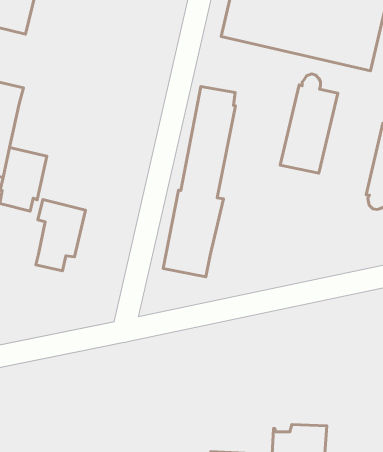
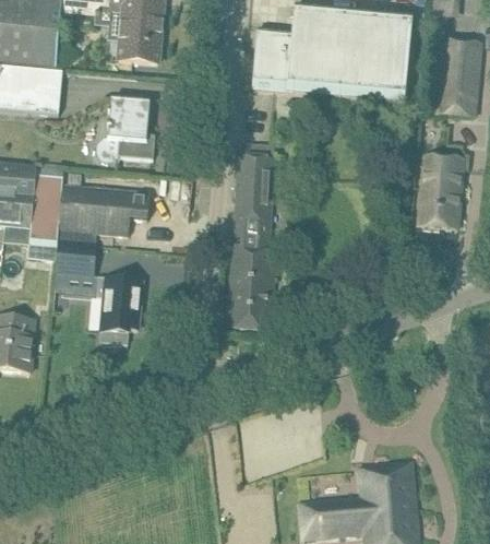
building: none -> [95,98,155,162]
building: [280,74,338,173] -> none
building: none -> [58,184,150,234]

